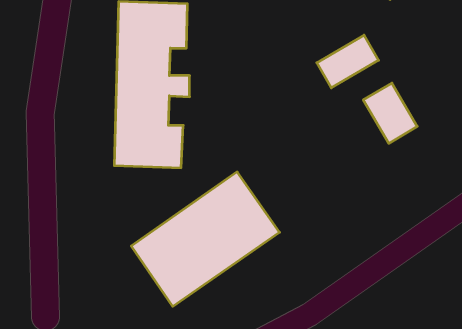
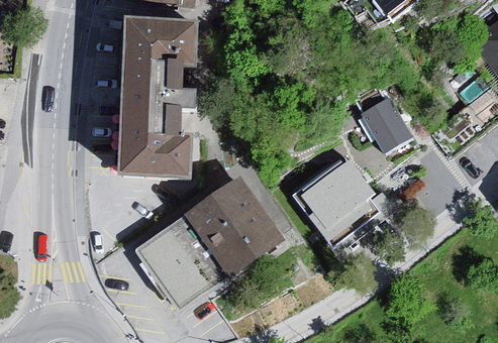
building: [317,35,379,88] -> none
building: none -> [294,158,393,242]

